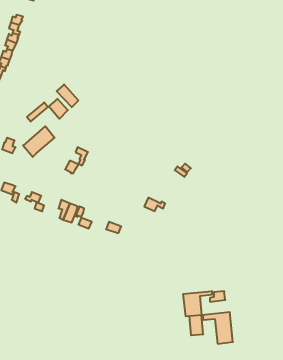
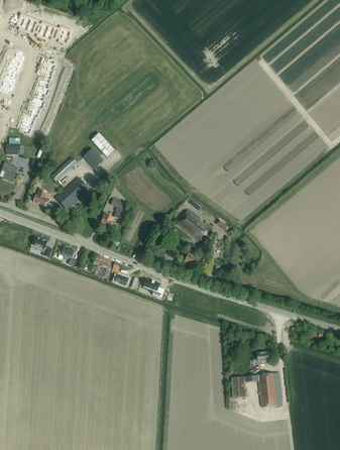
building: none -> [177,210,211,242]
building: [183,291,212,316] -> none

